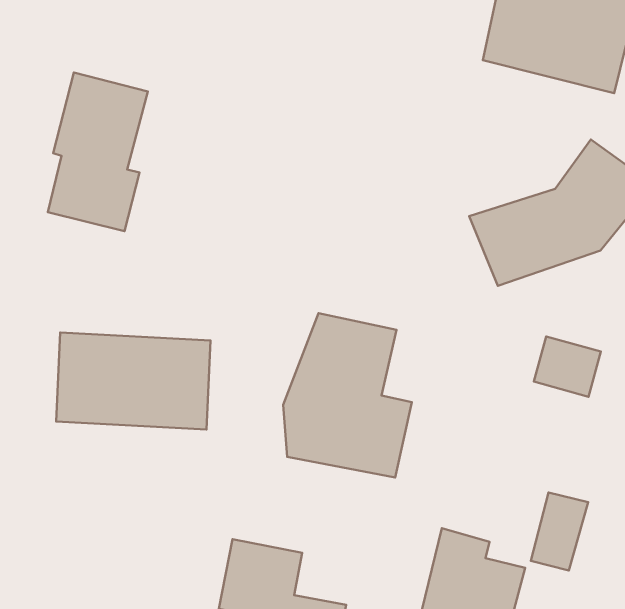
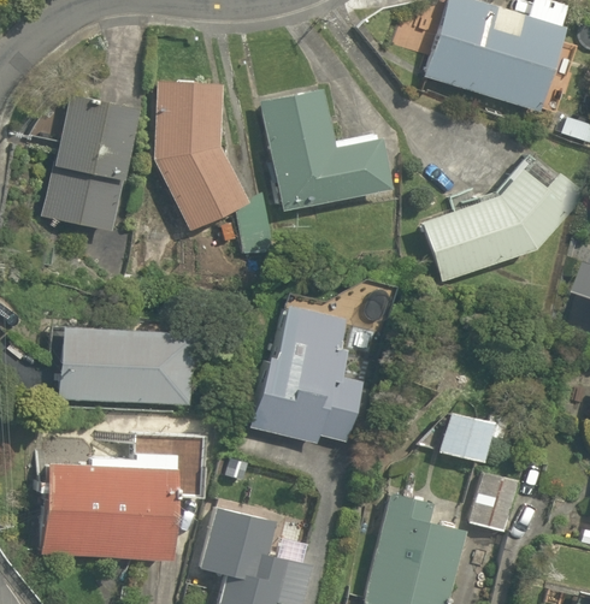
building: none -> [160,76,243,226]
building: none -> [267,90,389,208]
building: [534,336,601,397] -> [431,411,490,464]
building: none -> [39,420,218,562]

